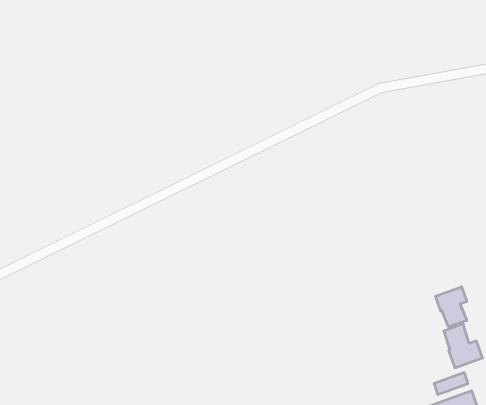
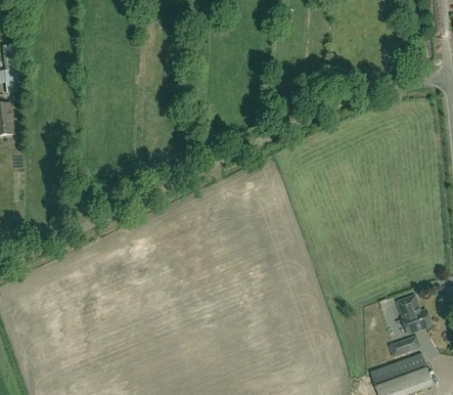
building: [436,287,467,327] -> none

